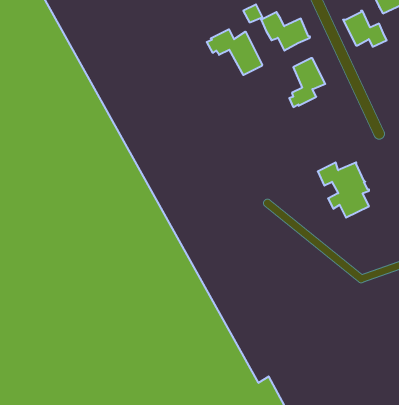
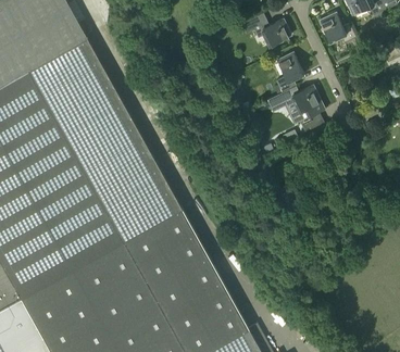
building: [207,29,262,75] -> none
building: [318,162,369,218] -> [280,85,324,131]

